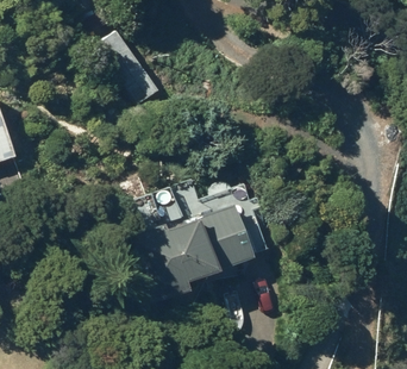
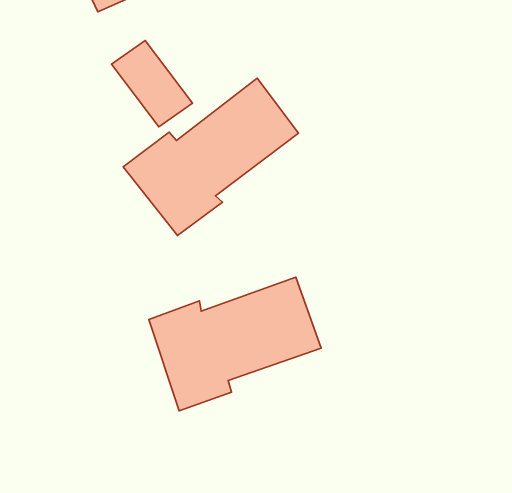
building: none -> [123,78,299,235]

